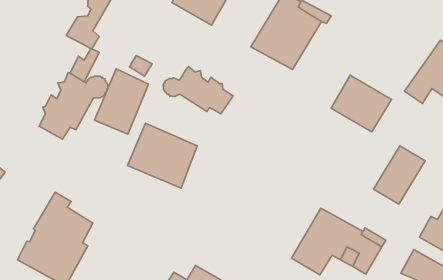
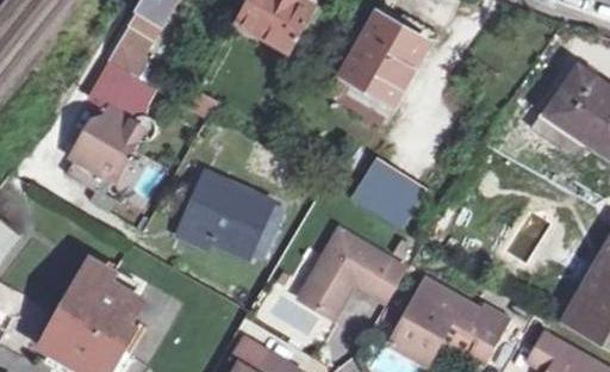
building: none -> [87,63,136,110]
building: [163,67,233,114] -> none
building: [95,69,148,134] -> none
building: [331,75,391,132] -> [349,159,425,230]
building: none -> [300,230,407,317]

